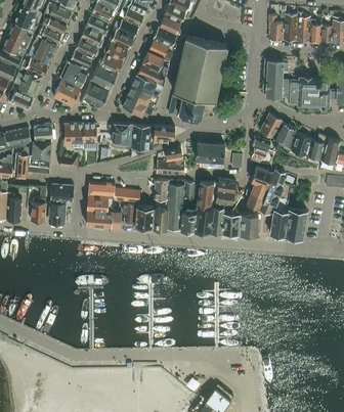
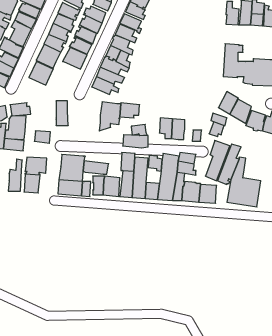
building: [168,36,227,122] -> none
building: [82,81,110,108] -> none
building: [63,124,83,144] -> none
building: [98,124,133,147] -> none

